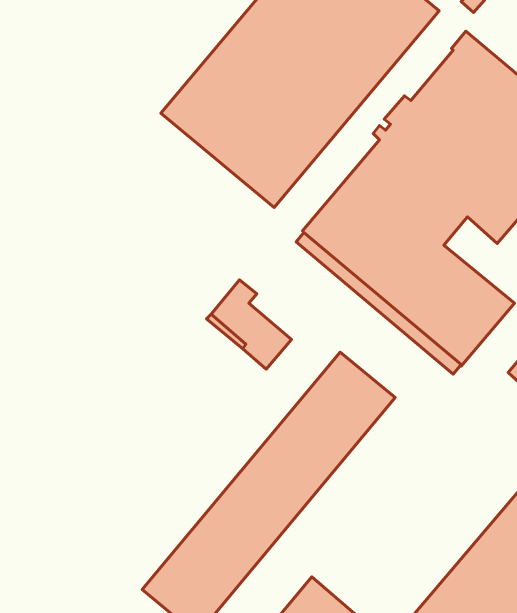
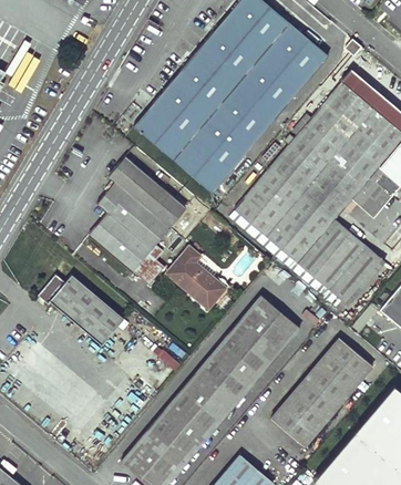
building: none -> [90,154,187,283]
building: none -> [37,272,123,342]
building: none -> [271,338,372,447]

